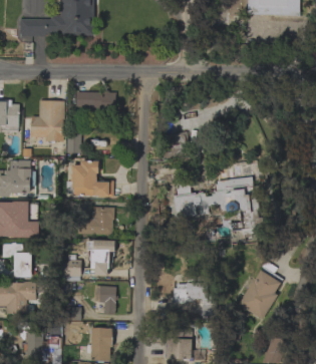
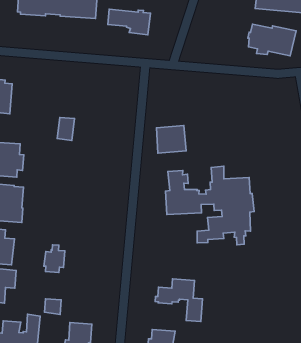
building: none -> [248,24,296,56]
building: [75,90,115,113] -> [108,9,151,35]
building: [30,100,64,141] -> none
building: [64,160,112,197] -> none
building: [76,207,113,235] -> none
building: [86,240,114,275] -> none
building: [235,260,283,319] -> none
building: [92,285,117,314] -> none

